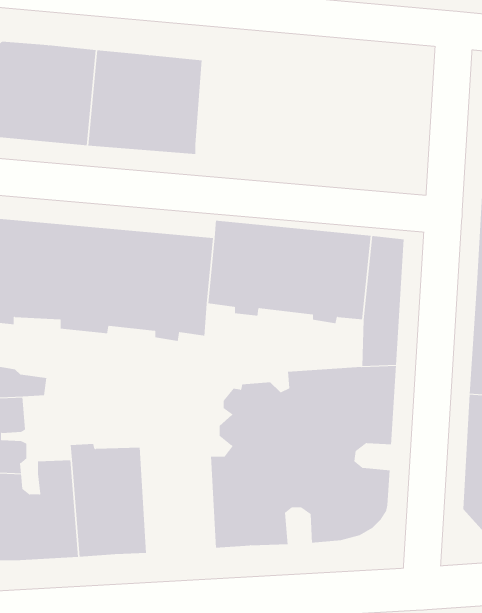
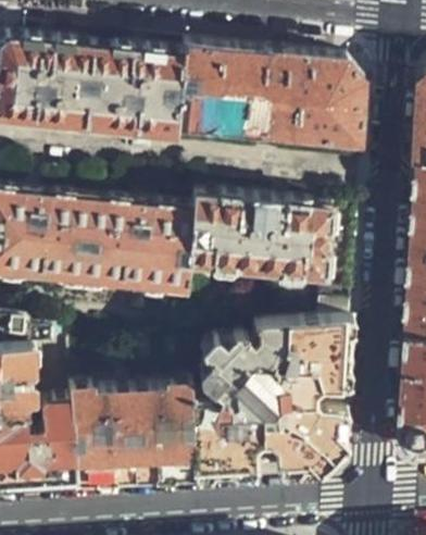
building: none -> [175,45,363,145]
building: none -> [127,378,191,481]

